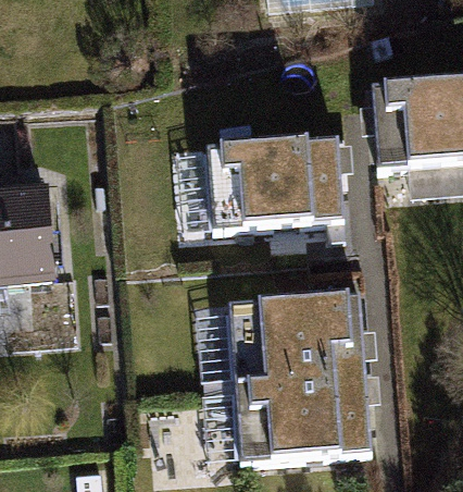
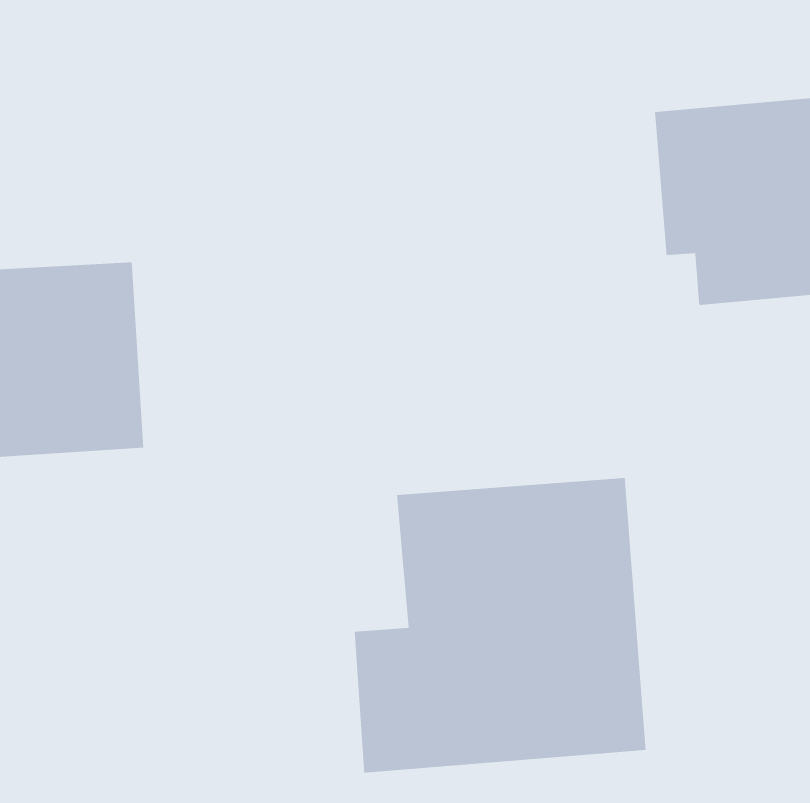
building: [176,135,347,236] -> none

